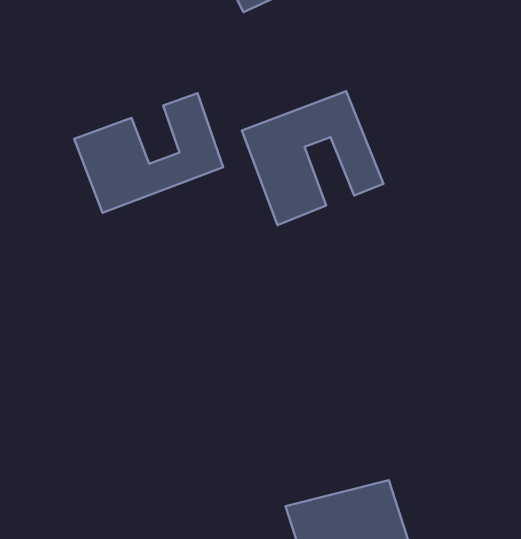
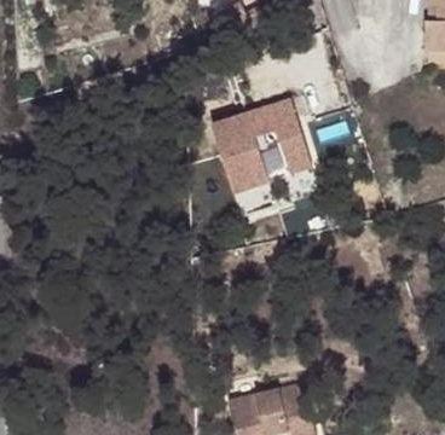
building: [74,93,223,213] -> none

